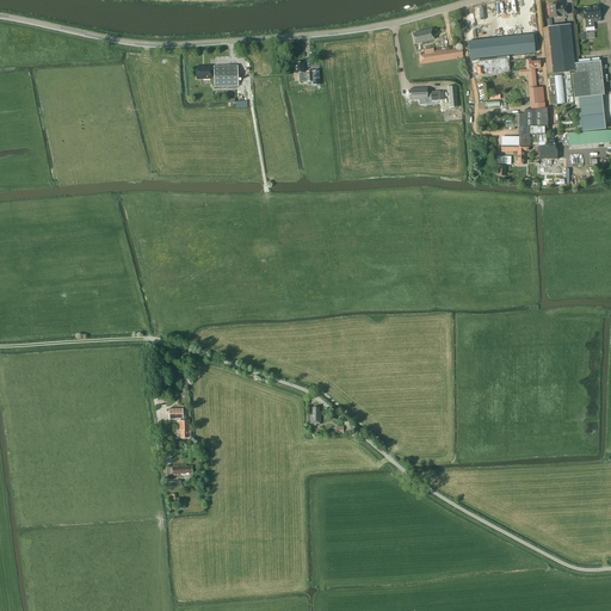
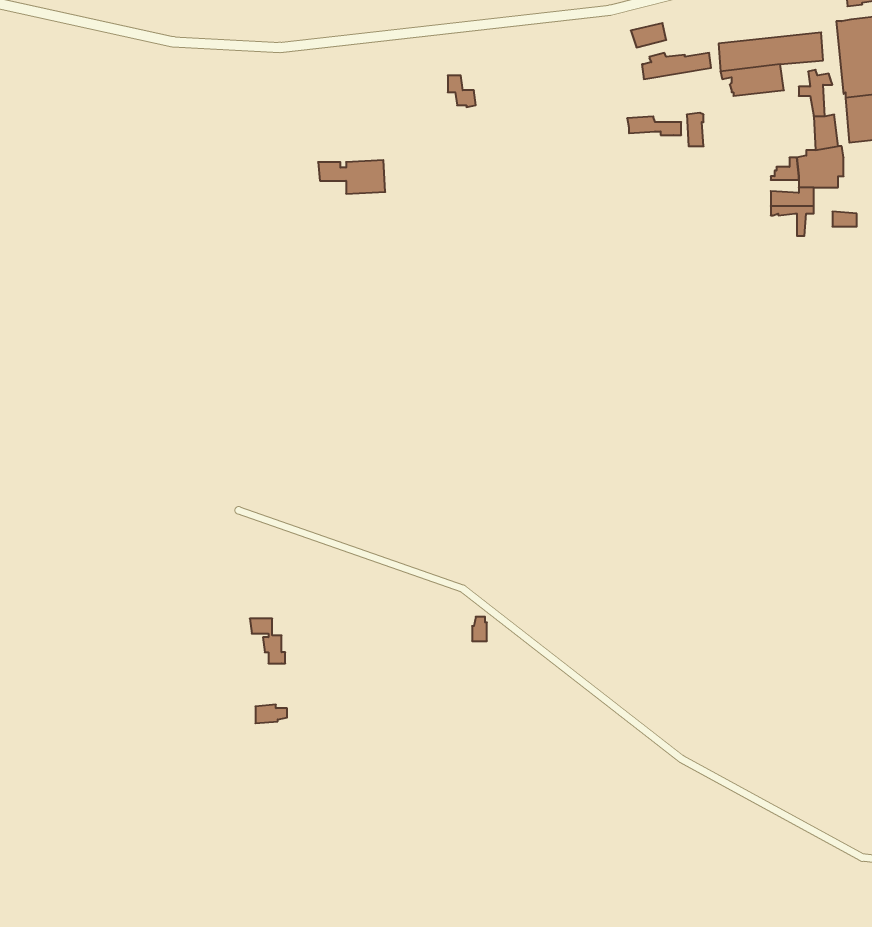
building: [197,63,240,85] -> [318,160,385,194]

